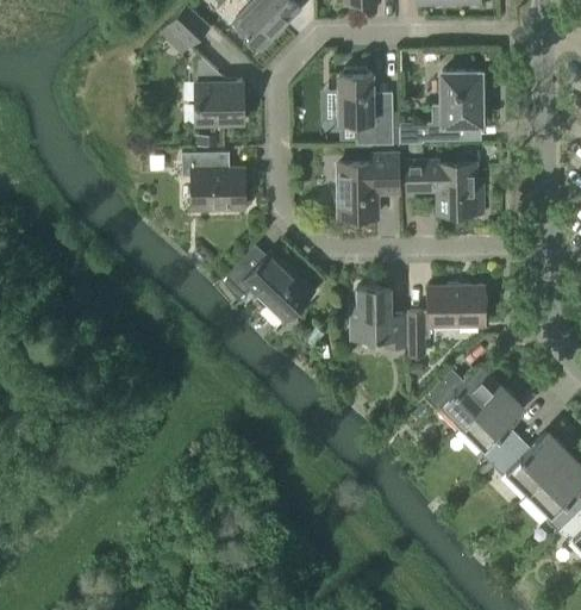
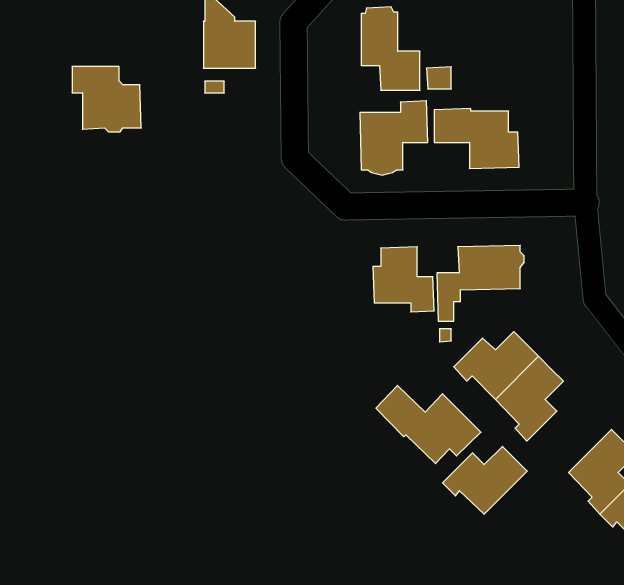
building: [431,71,481,139] -> none
building: [182,152,245,212] -> [72,67,141,132]
building: [221,254,313,320] -> none
building: none -> [376,385,481,464]
building: [491,431,568,493] -> [442,446,527,514]

